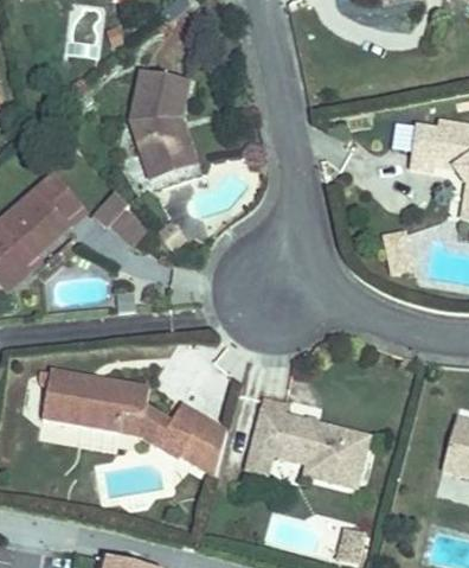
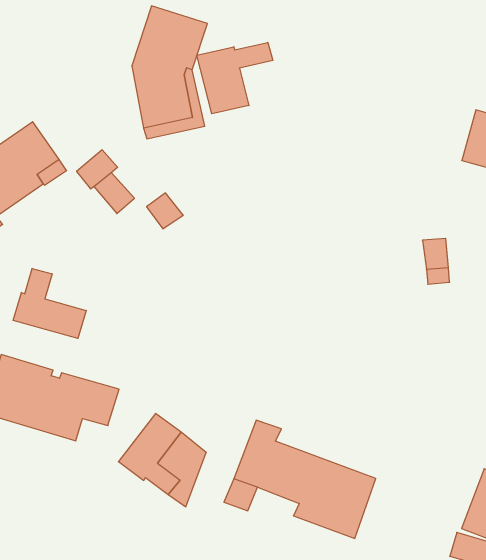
building: none -> [197,42,273,114]
building: none -> [13,268,86,338]
building: [118,404,171,445] -> none

